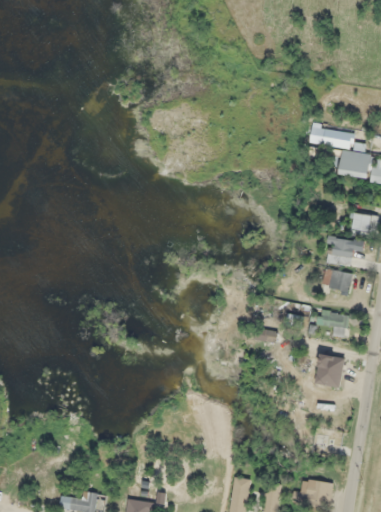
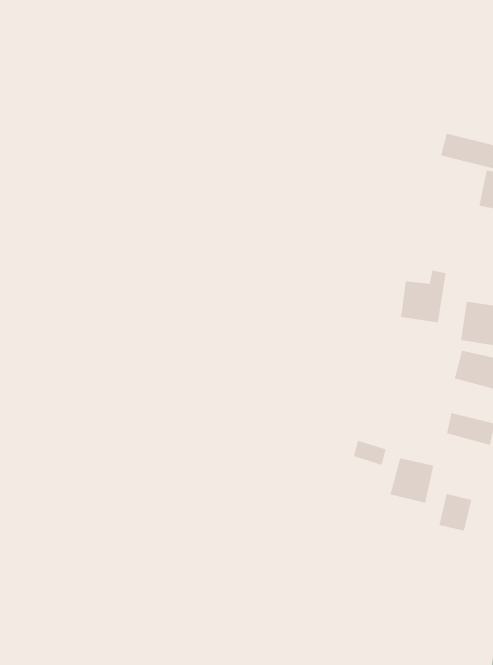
building: none -> [400,270,446,323]
building: none -> [390,457,434,503]

